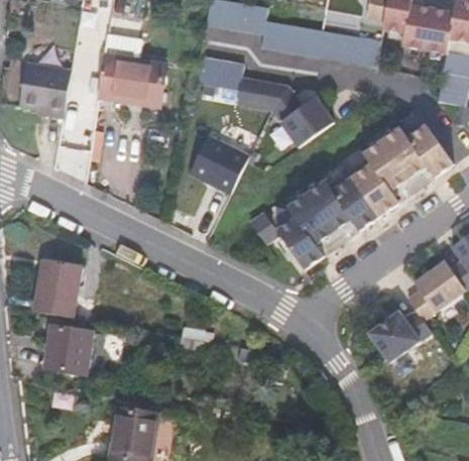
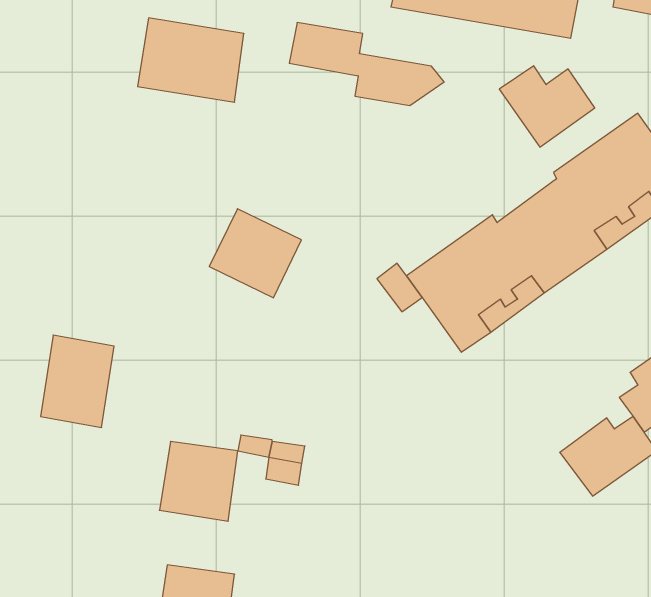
building: [18,63,70,117] -> none
building: [271,95,333,147] -> [499,66,595,147]
building: [189,136,248,194] -> [209,209,301,298]
building: [42,325,93,376] -> [159,441,238,521]

